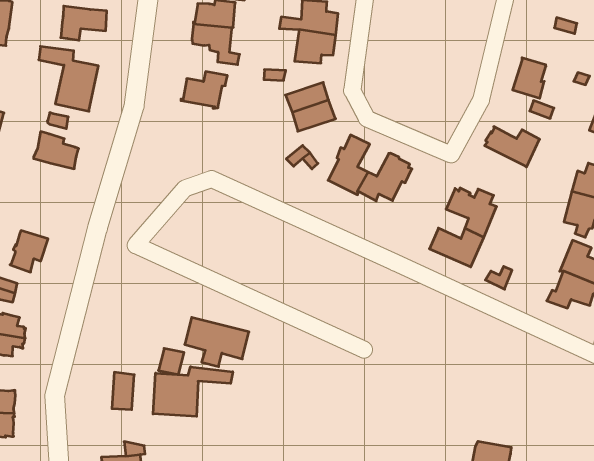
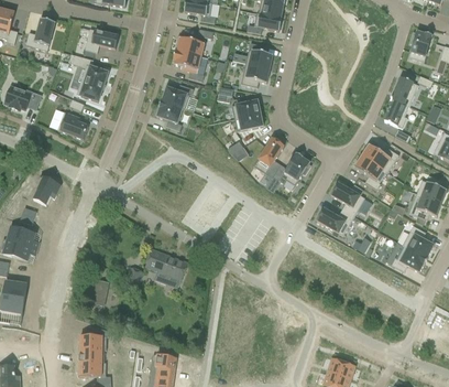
building: none -> [388,77,418,106]
building: none -> [156,101,183,131]
building: none -> [353,155,386,190]
building: [153,367,233,416] -> none

